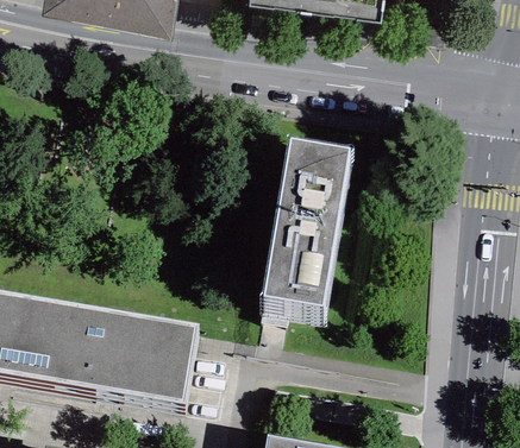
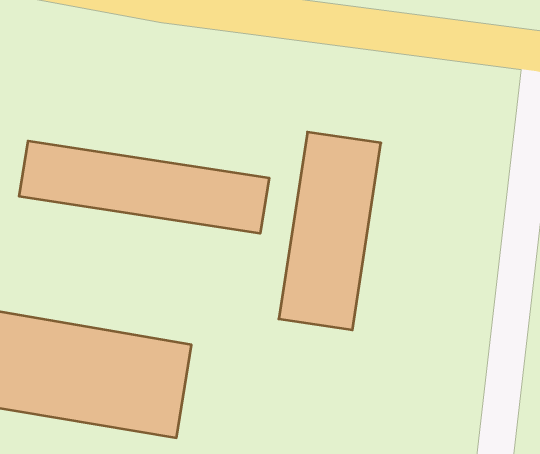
building: none -> [19,141,269,233]

